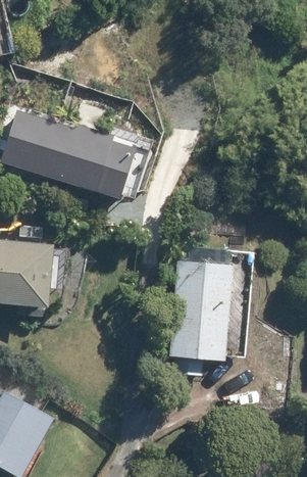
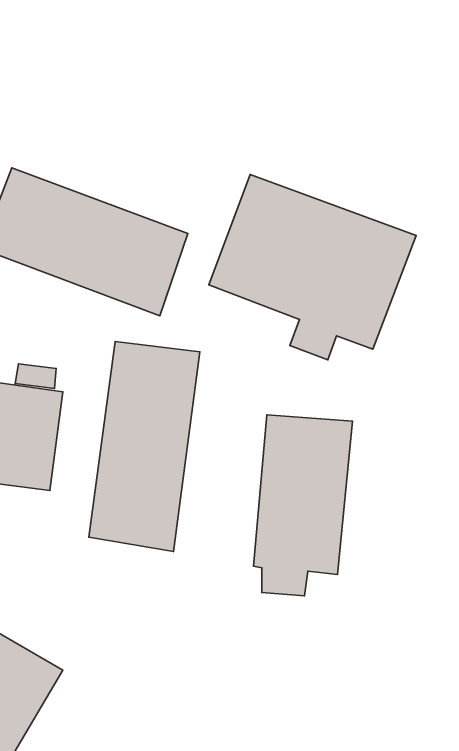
building: none -> [209,175,416,360]
building: none -> [89,342,200,552]

